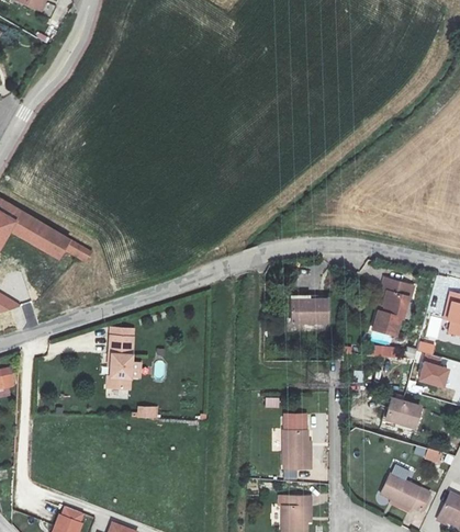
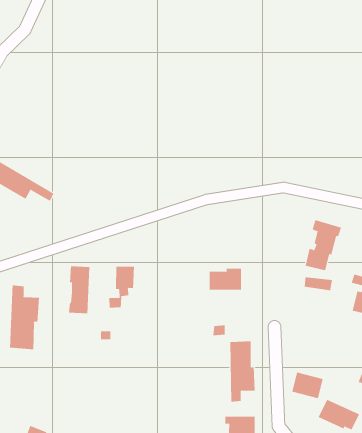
building: [290,303,326,327] -> [209,268,242,290]
building: none -> [109,266,134,308]
building: none -> [10,285,39,350]
building: [383,401,418,431] -> [291,372,324,399]

